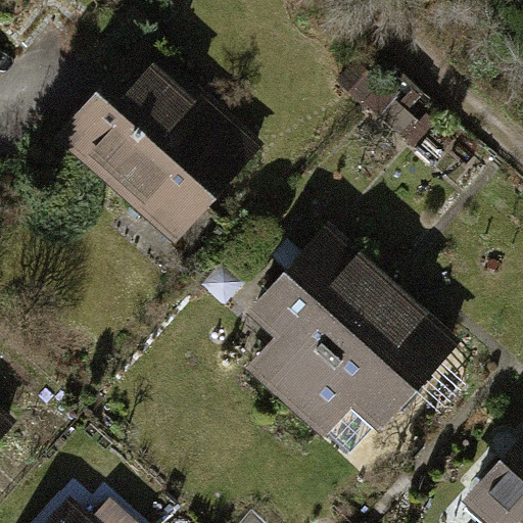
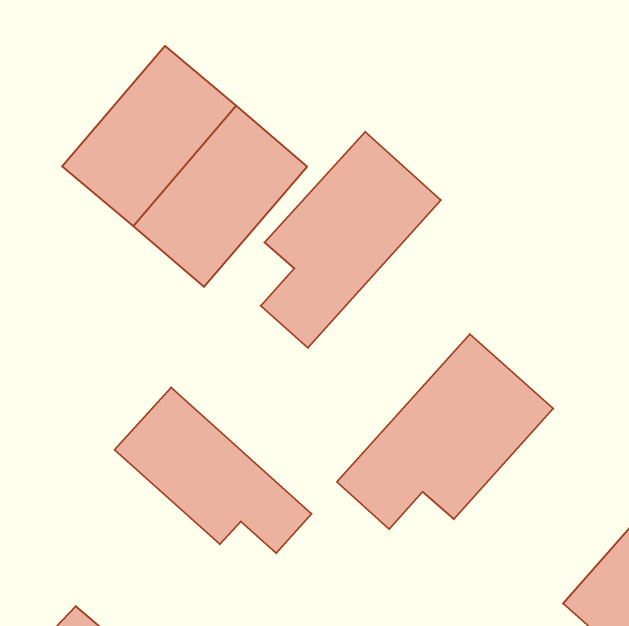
building: [243,226,391,403] -> [261,132,441,348]
building: none -> [115,387,312,553]

